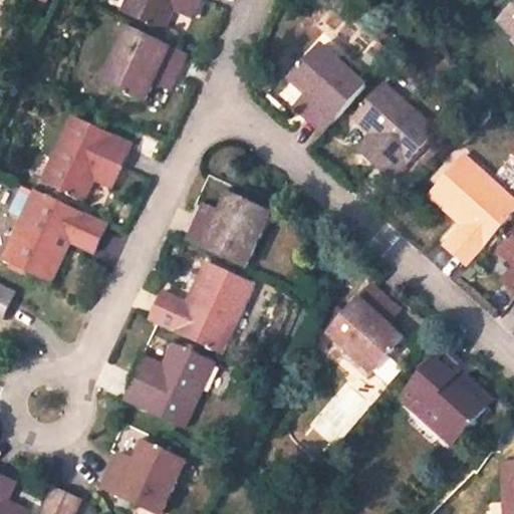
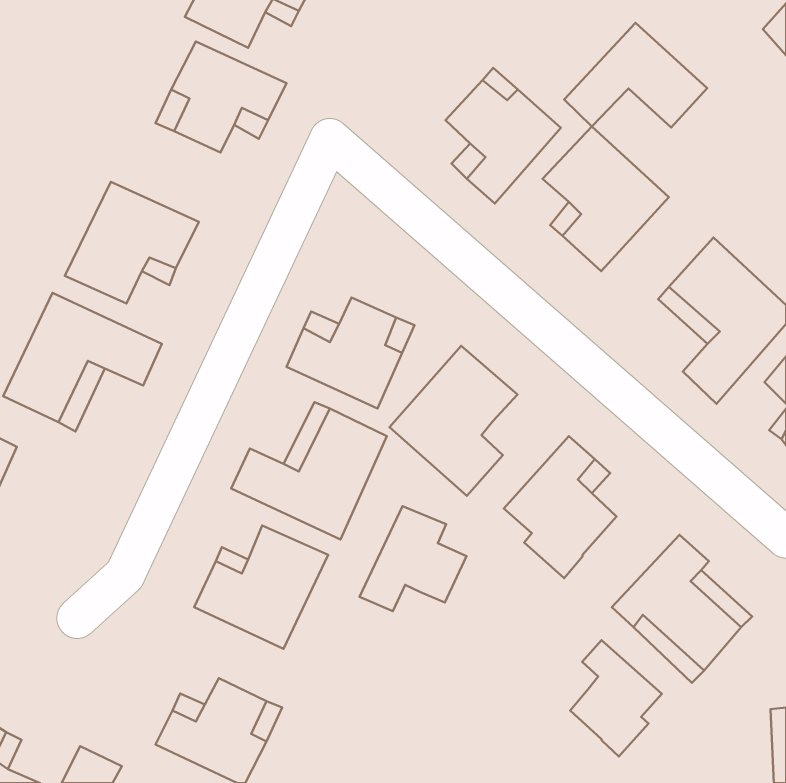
building: none -> [564,23,707,127]
building: none -> [389,346,518,496]
building: none -> [359,506,466,611]
building: none -> [570,640,662,756]

